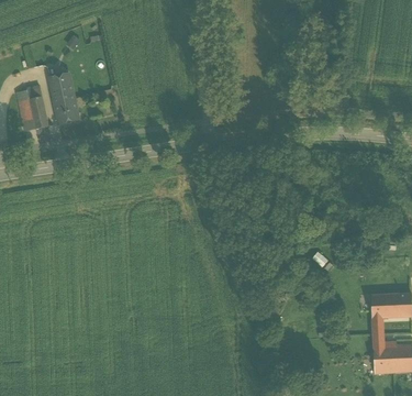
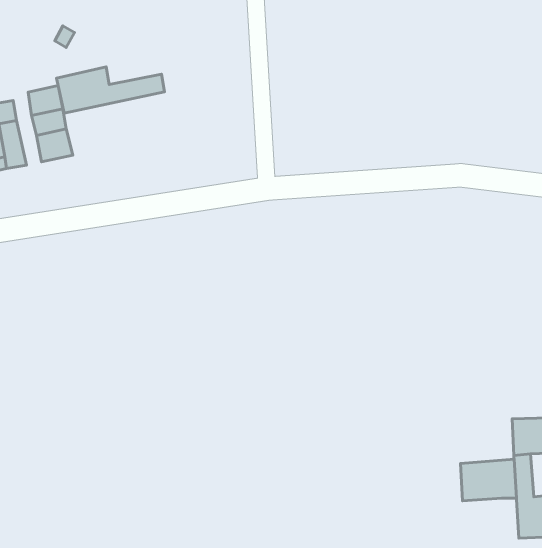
building: none -> [56,67,164,113]
building: none -> [460,459,516,501]

